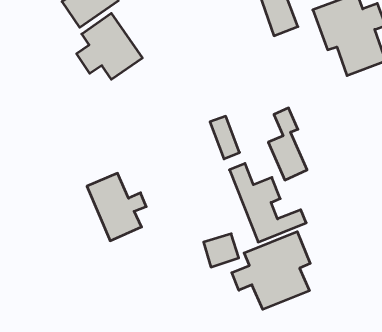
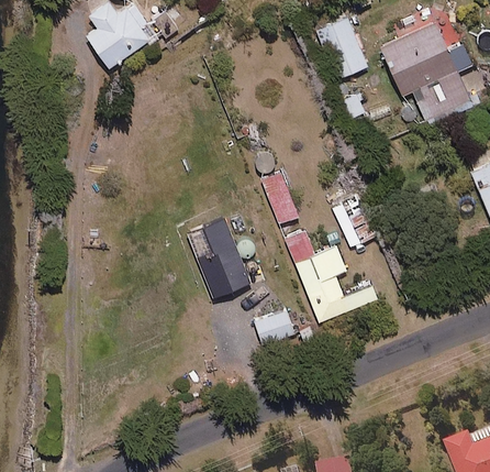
building: [77,13,142,79] -> none
building: [87,173,146,241] -> [186,216,256,296]
building: [232,232,310,309] -> none

